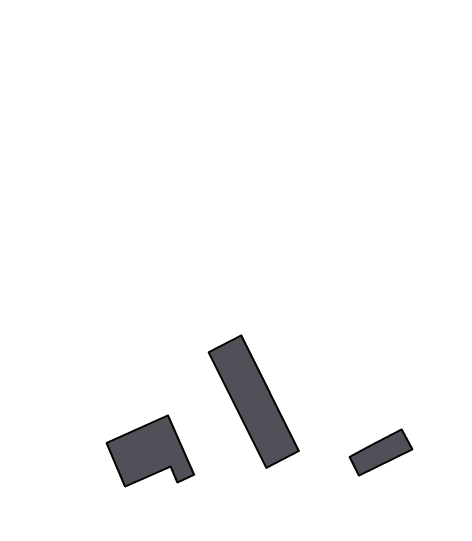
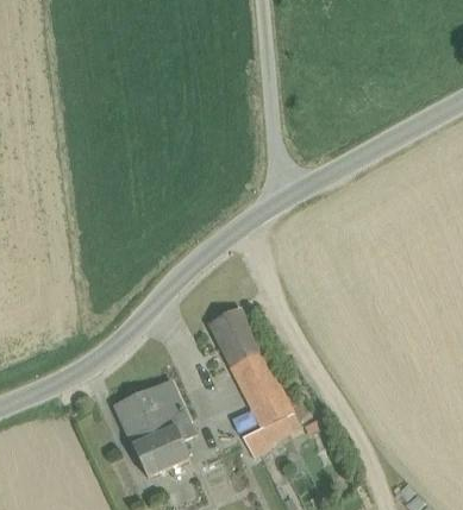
building: [350,430,412,475] -> [243,411,300,453]
building: none -> [132,426,188,477]

